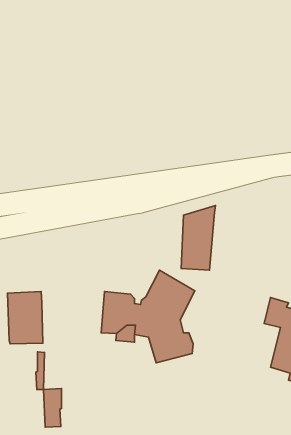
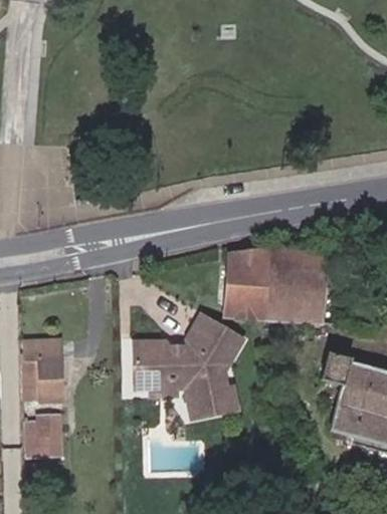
building: none -> [257,241,324,320]
building: [44,389,62,427] -> [35,412,56,457]

